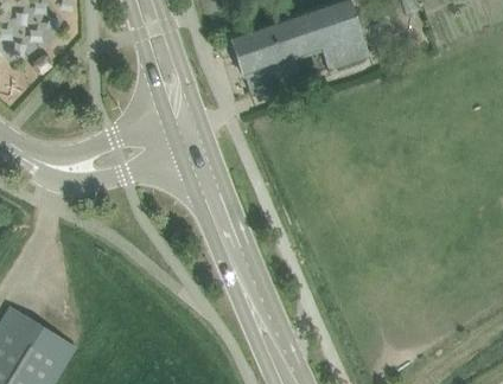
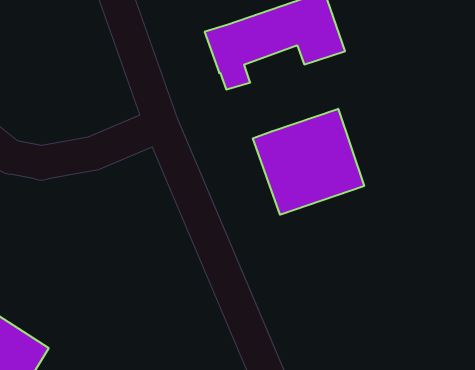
building: none -> [253,109,364,215]

